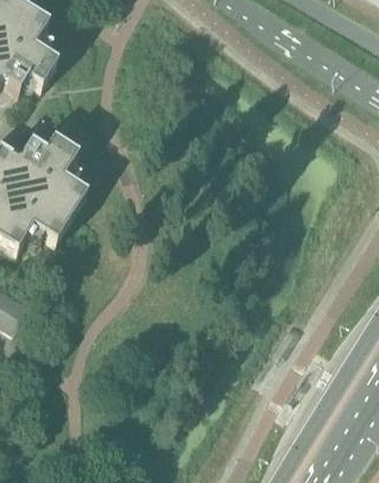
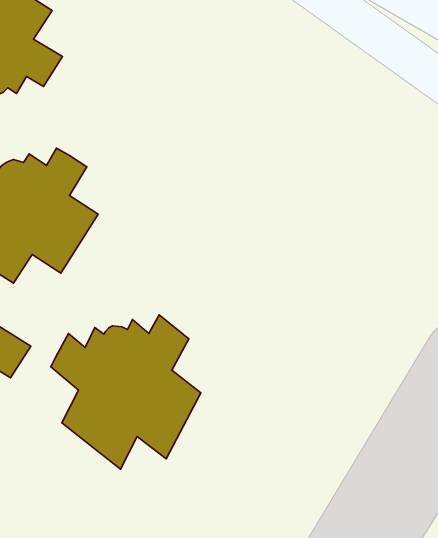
building: none -> [51,315,201,469]

